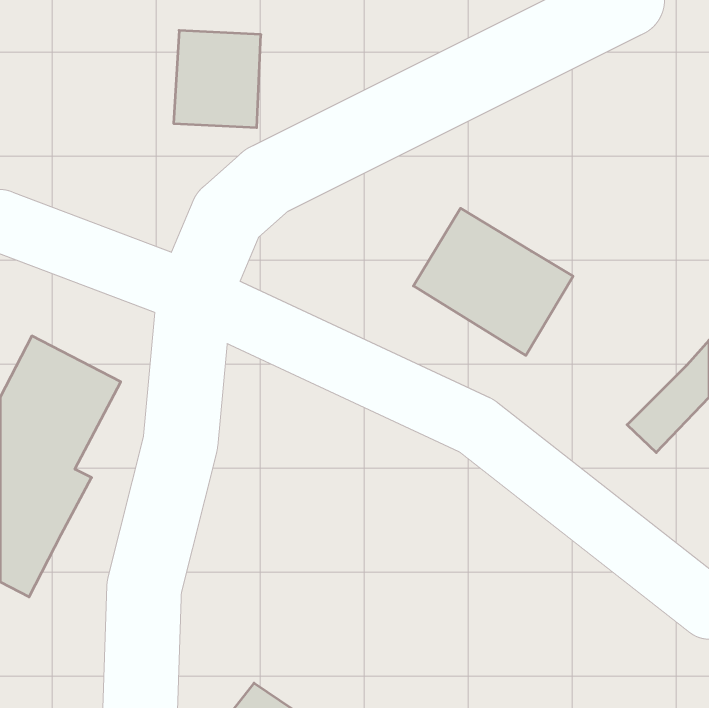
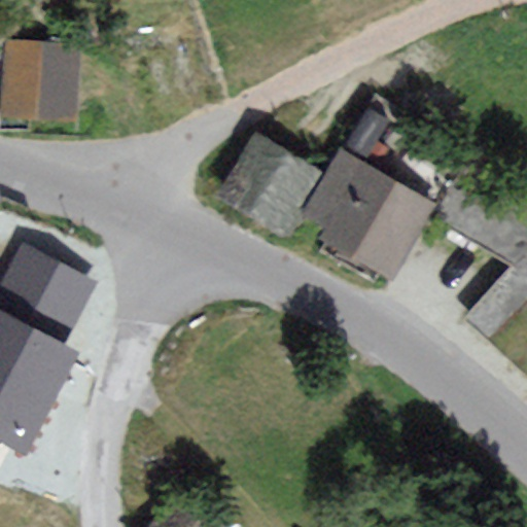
building: [174,30,261,128] -> [11,45,76,117]
building: none -> [227,140,317,226]

